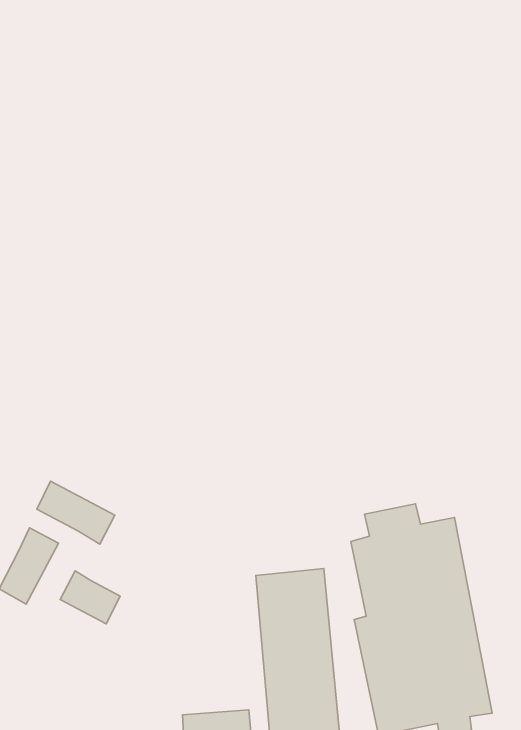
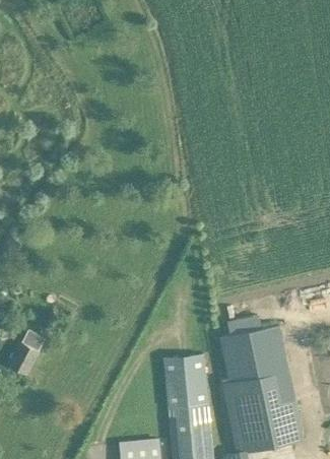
building: [37,481,115,544] -> none
building: [60,571,120,624] -> none

